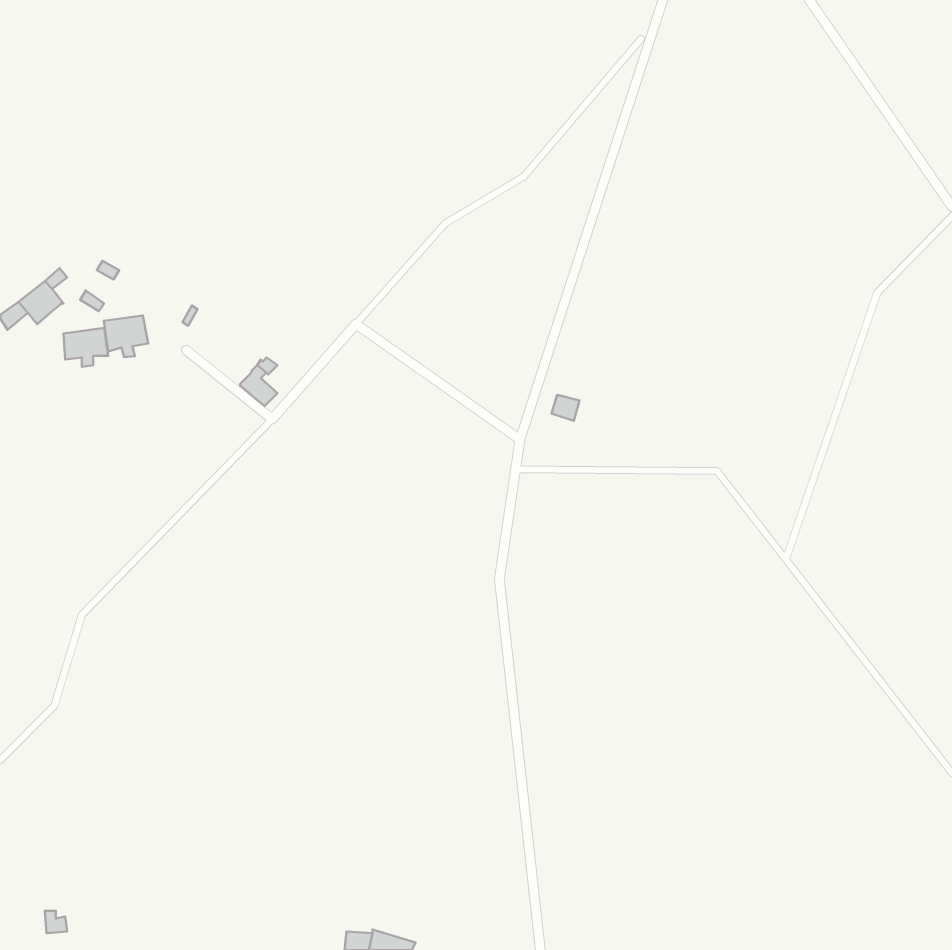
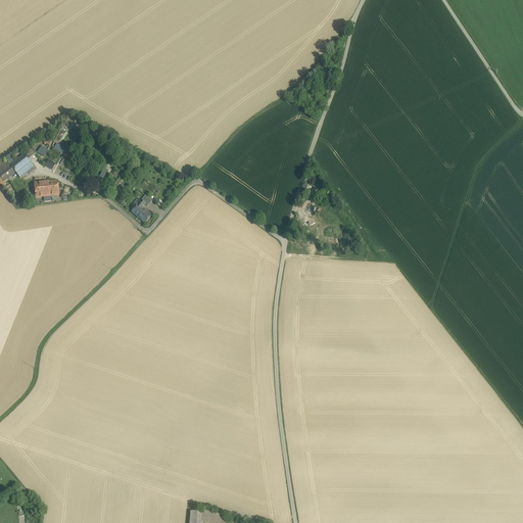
building: [104,316,148,357] -> none

